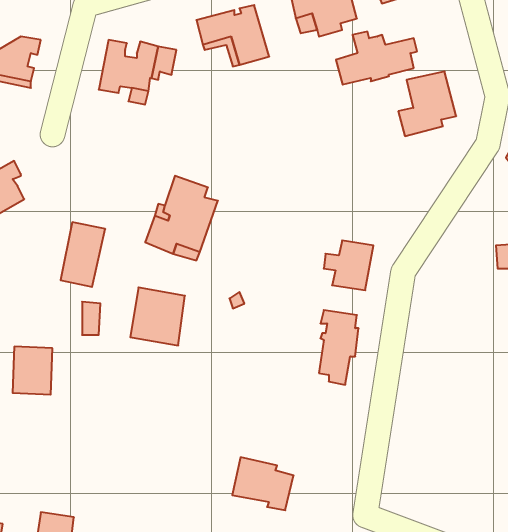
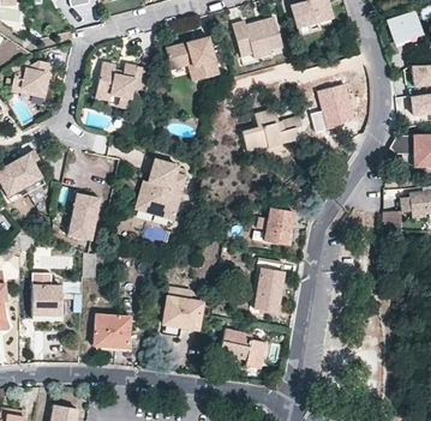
building: [336,32,417,85] -> [243,112,301,150]
building: [130,287,185,345] -> [163,287,203,329]
building: none -> [95,314,130,347]
building: [232,457,294,510] -> [220,329,264,367]

